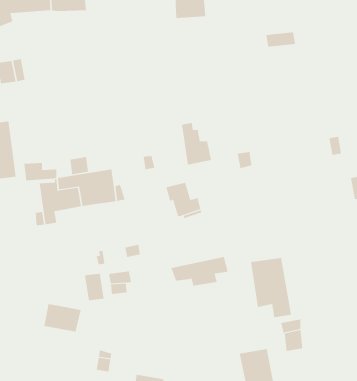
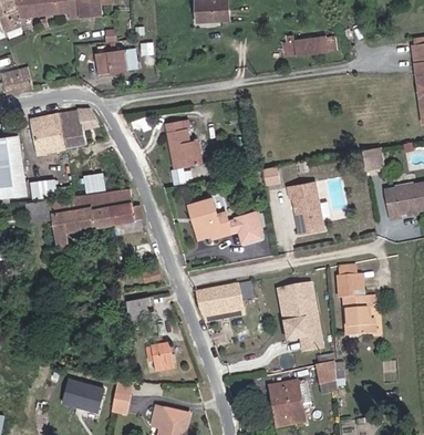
building: none -> [97,48,139,74]
building: none -> [30,110,100,154]
building: [181,122,212,165] -> [166,123,199,169]
building: none -> [288,183,323,234]
building: none -> [230,211,256,245]
building: none -> [338,276,371,335]
building: [84,273,105,301] -> [151,341,173,371]
building: [44,304,81,332] -> [63,380,104,411]

